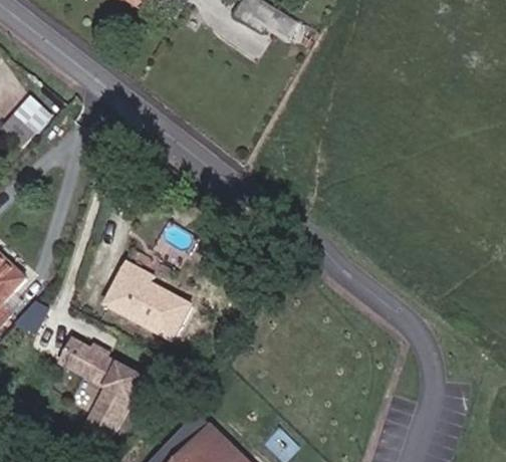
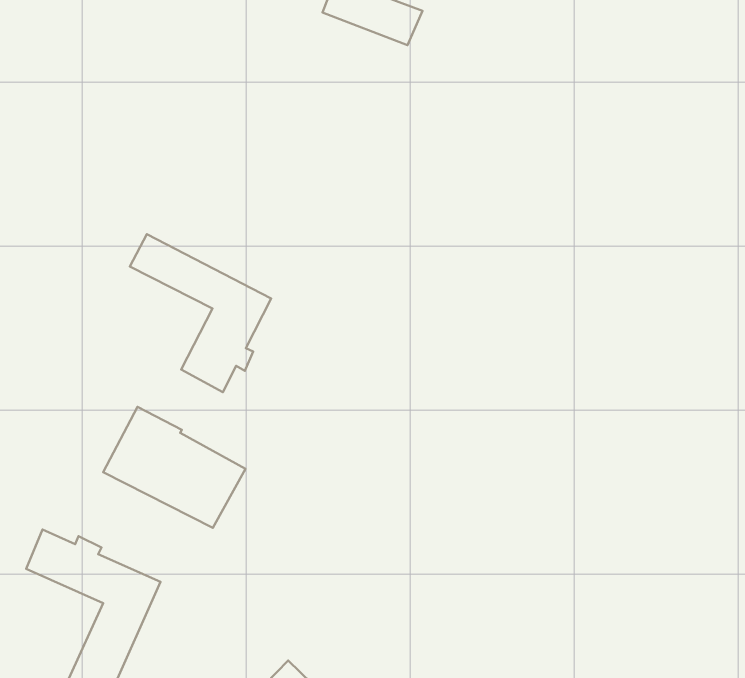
building: none -> [130,234,271,392]

